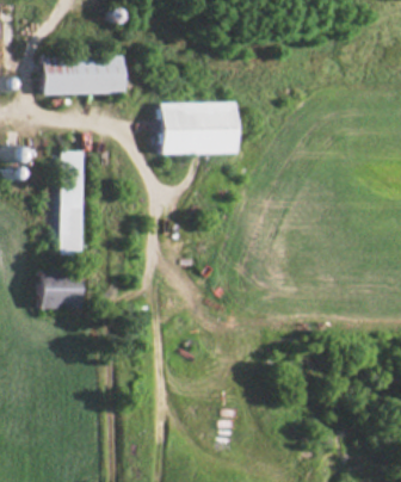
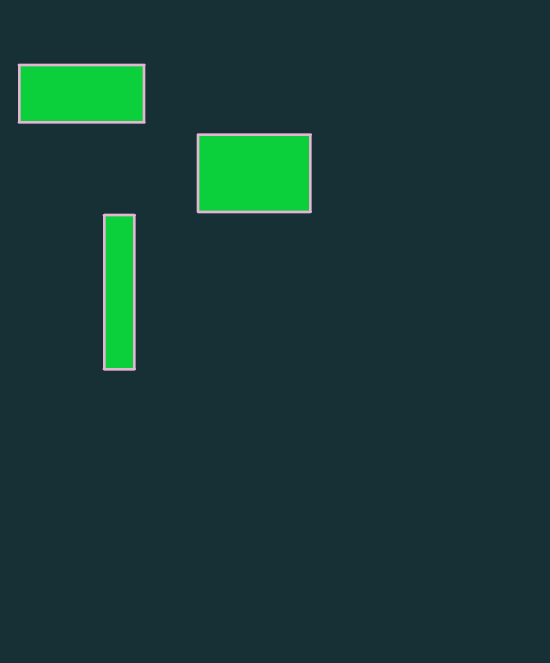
building: [62,150,82,253] -> [104,215,135,369]
building: [42,268,84,307] -> none

